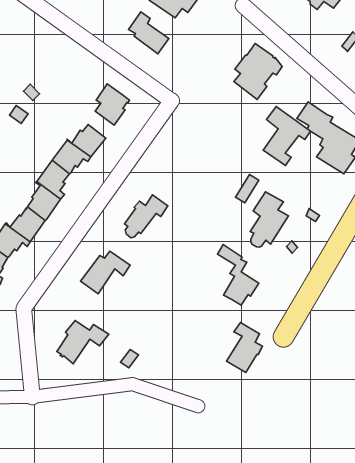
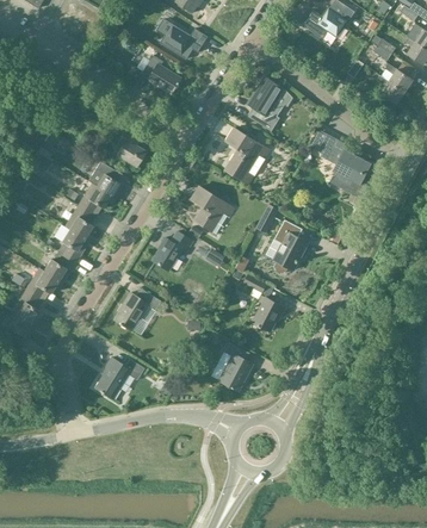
building: [263,107,310,165] -> [225,128,270,184]
building: none -> [190,186,233,231]
building: [227,322,262,372] -> [218,342,252,390]

